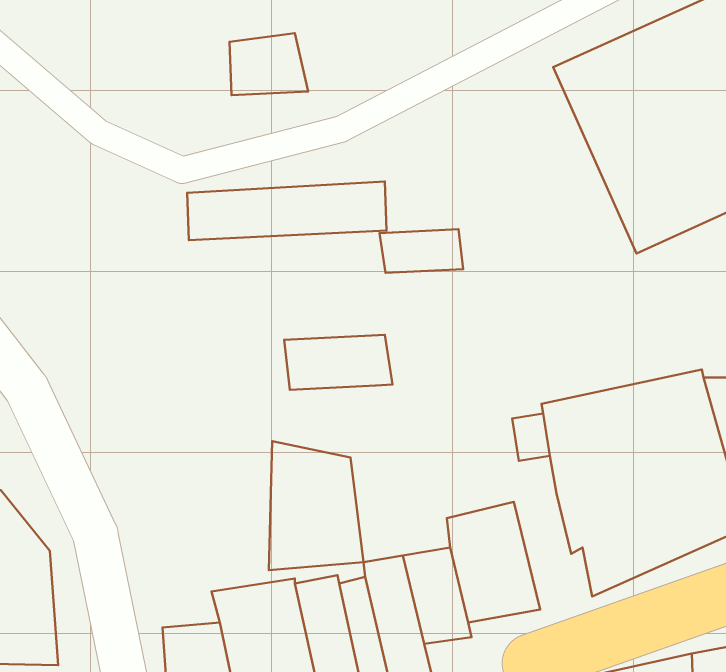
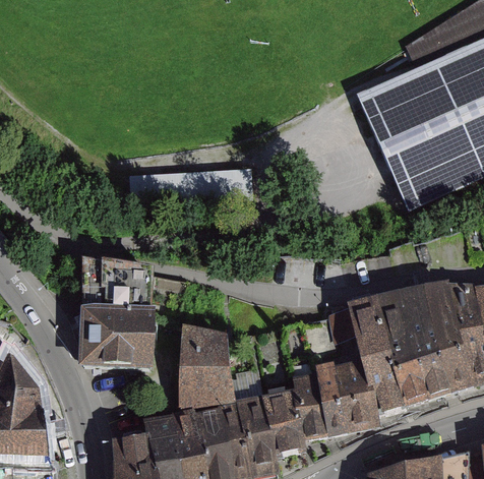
building: [229,33,308,95] -> none
building: [380,229,463,273] -> none
building: [284,335,392,390] -> none
building: none -> [80,307,157,369]
building: none -> [334,358,382,430]

